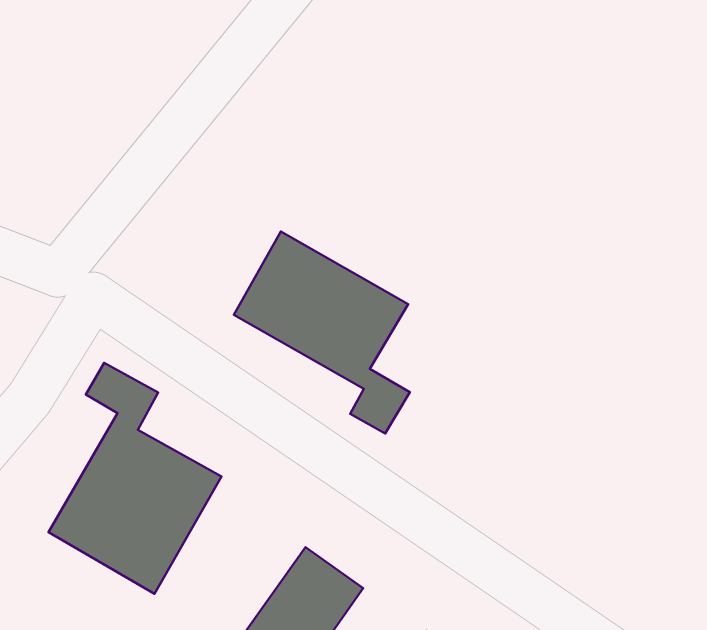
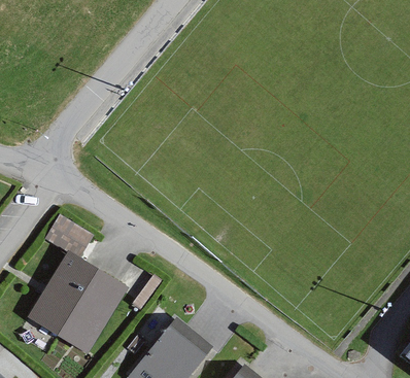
building: [234,231,410,433] -> none

